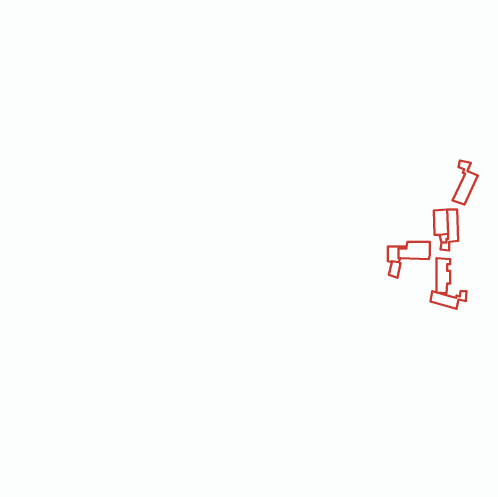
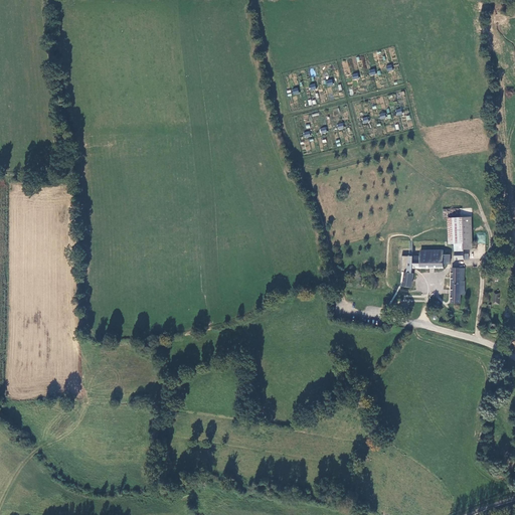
building: [452,160,478,204] -> none
building: [431,291,466,309] -> none

